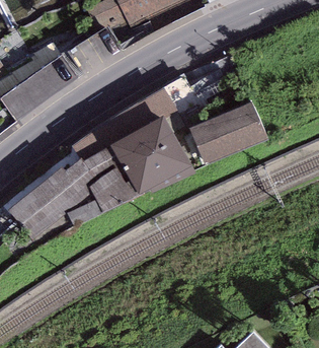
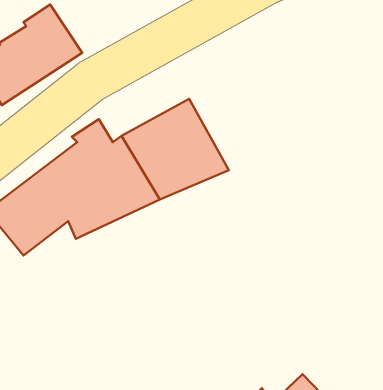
building: [91,86,176,149] -> none
building: [188,99,267,164] -> none

